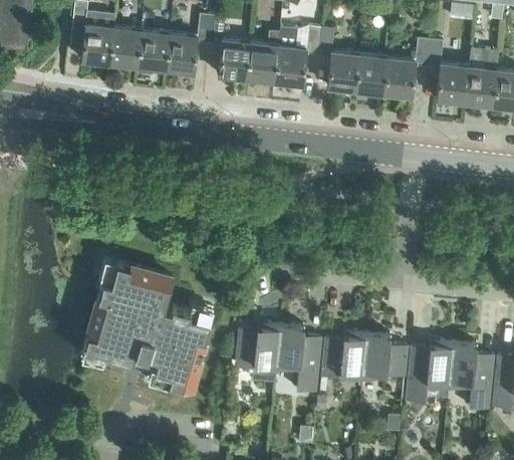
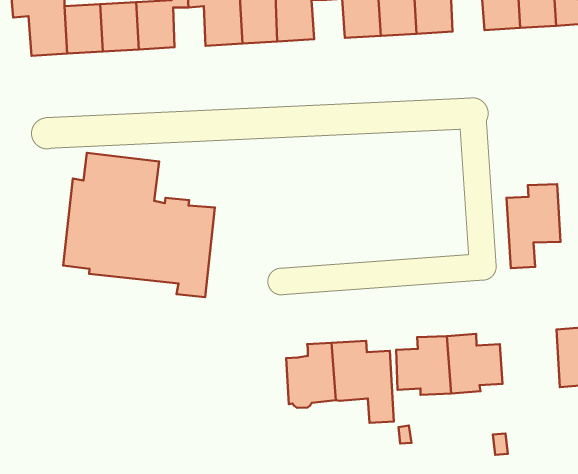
building: [83,262,209,390] -> [63,153,215,297]
building: [406,340,453,405] -> [507,184,561,268]

